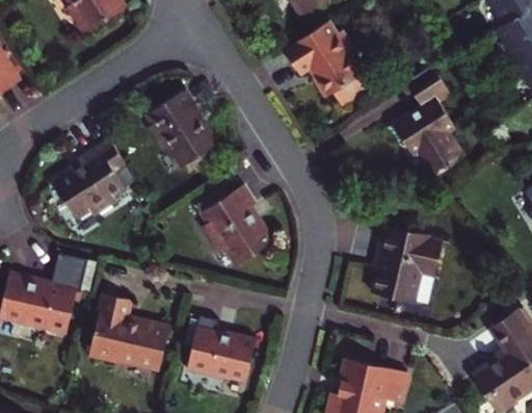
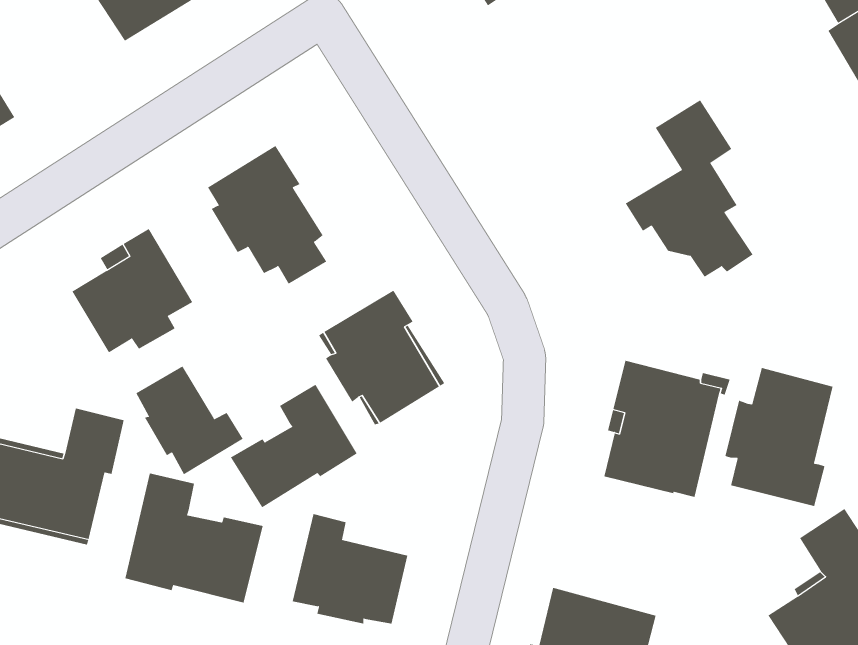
building: [285,21,366,106] -> none
building: none -> [136,365,244,475]
building: none -> [725,367,833,507]
building: none -> [230,384,358,508]

